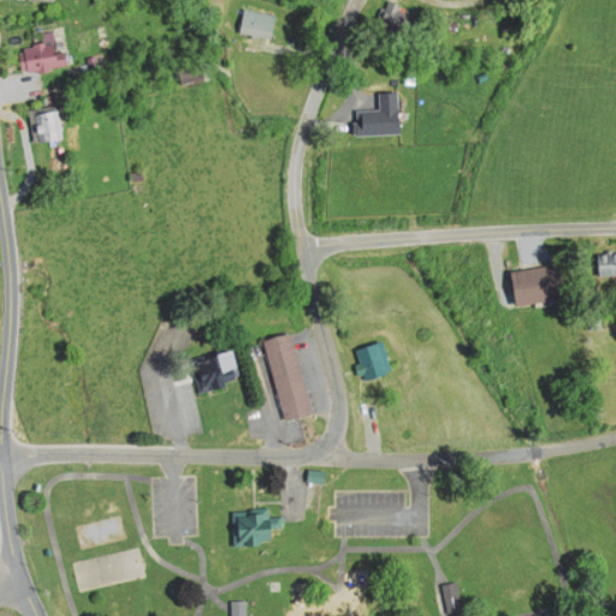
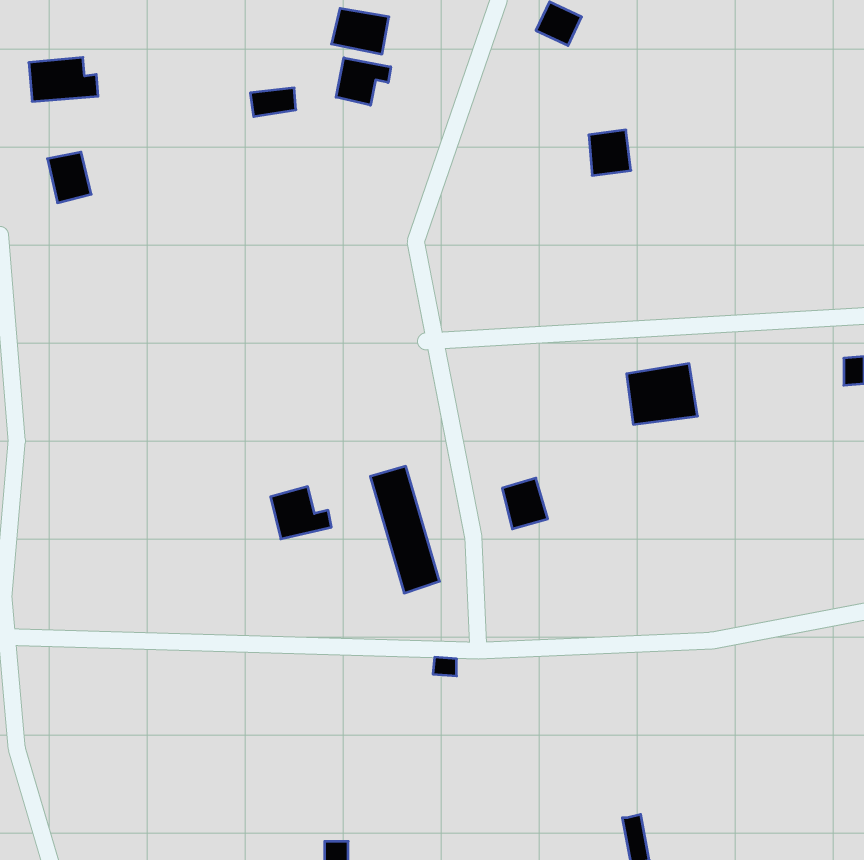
building: none -> [336,58,391,105]
building: [365,96,395,129] -> [589,130,631,175]
building: [511,265,562,308] -> [627,364,698,424]
building: [233,509,284,547] -> none

